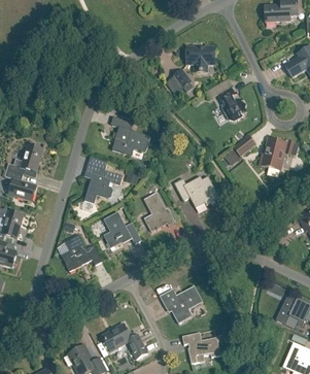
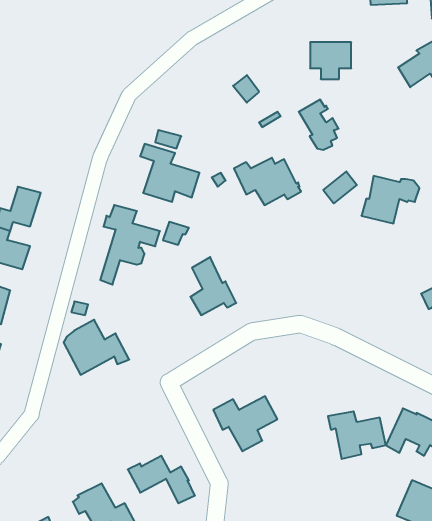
building: [187,46,215,71] -> [310,42,351,79]
building: [175,176,220,208] -> [234,158,301,205]
building: [104,211,142,248] -> none
building: [182,333,221,365] -> [328,411,386,459]

